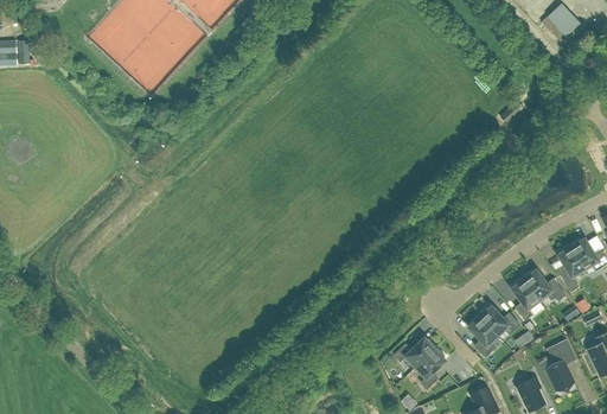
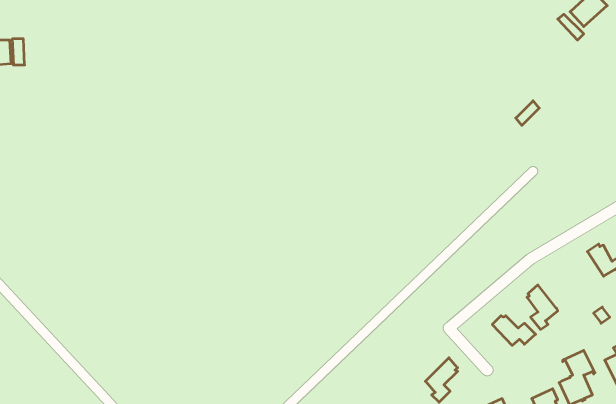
building: [557,244,584,291] -> none
building: [522,269,564,300] -> none
building: [468,314,497,356] -> none
building: [394,338,436,369] -> none

